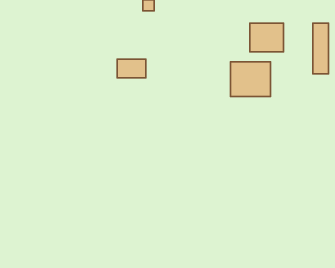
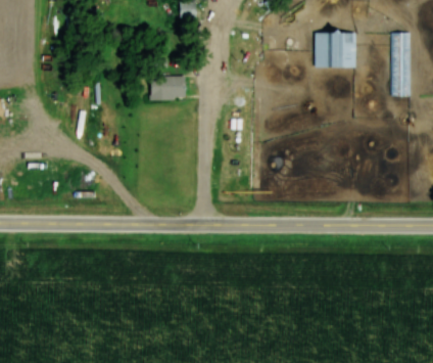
building: [230,62,270,96] -> none

